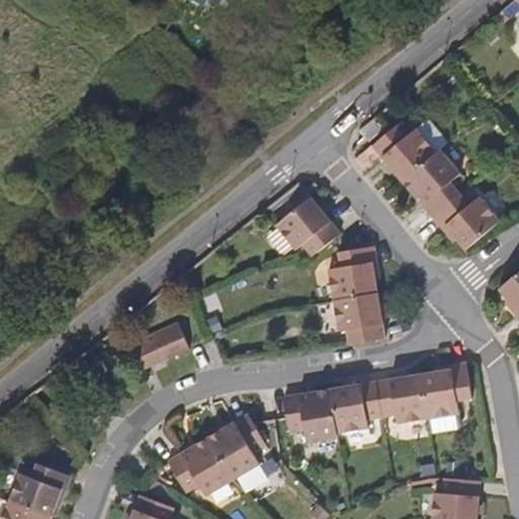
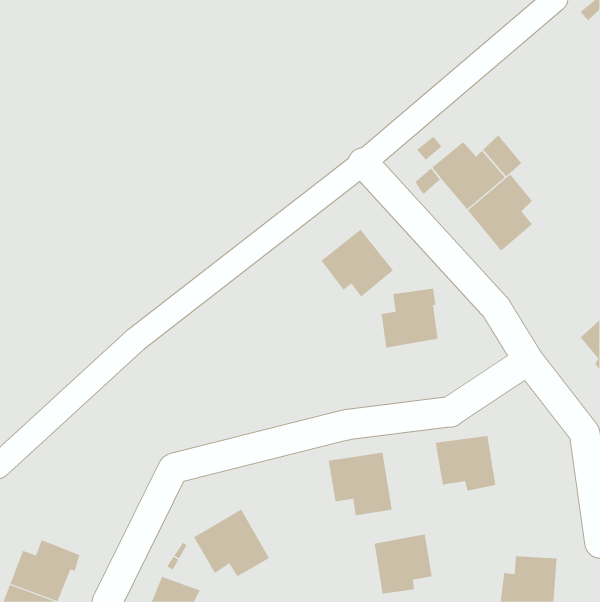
building: [431,193,499,249] -> none
building: [331,291,384,344] -> none
building: [124,322,188,372] -> none
building: [420,363,470,417] -> none
building: [329,380,380,432] -> [374,534,433,594]
building: [208,414,266,479] -> none

